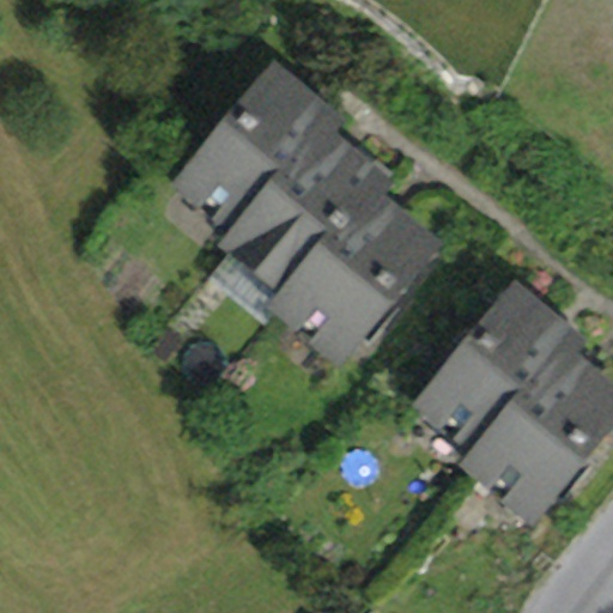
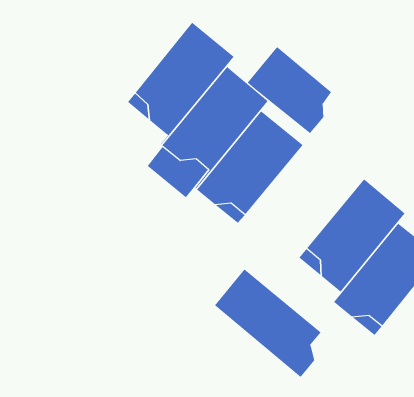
building: none -> [247,46,332,140]
building: none -> [214,269,321,378]

